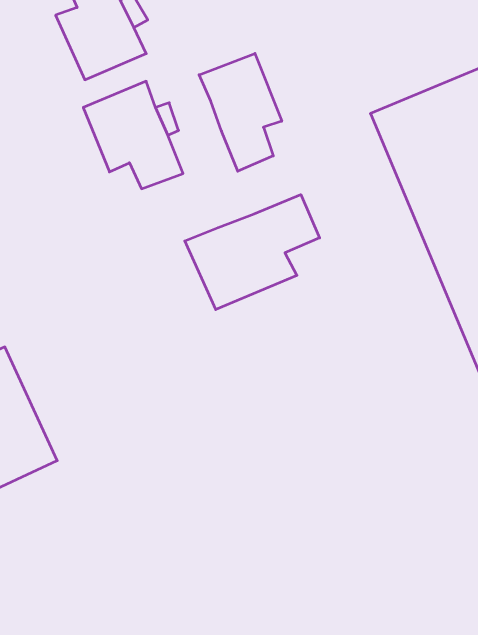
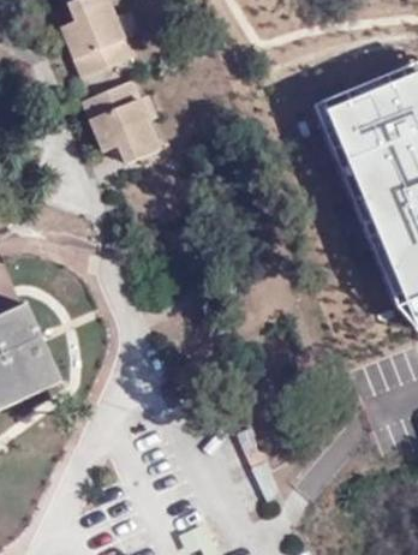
building: [199,53,282,171] -> none
building: [185,195,320,310] -> none

